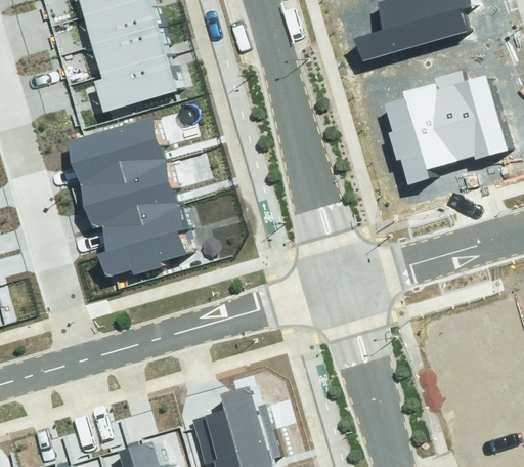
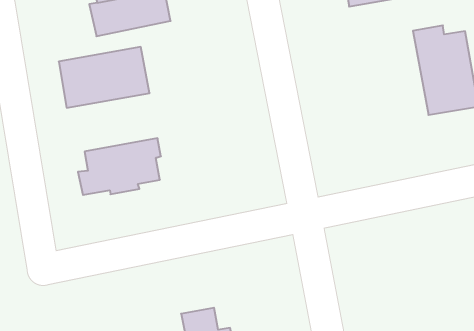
building: [384,85,455,183] -> none
building: [79,166,176,235] -> none

